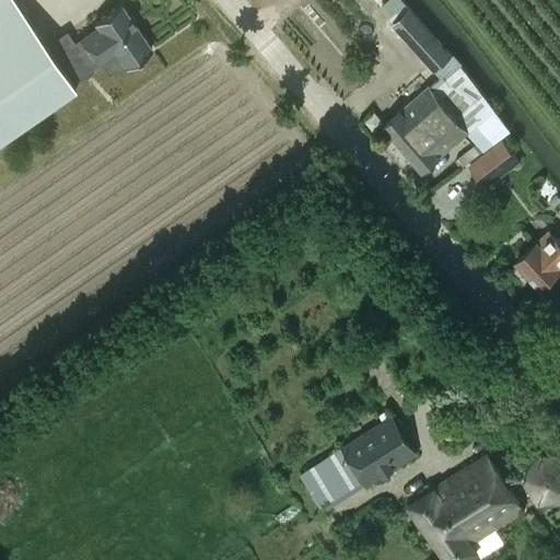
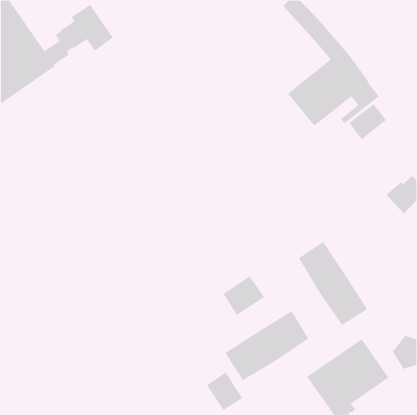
building: none -> [298,241,368,326]
building: none -> [223,275,265,315]
building: none -> [206,372,243,411]

